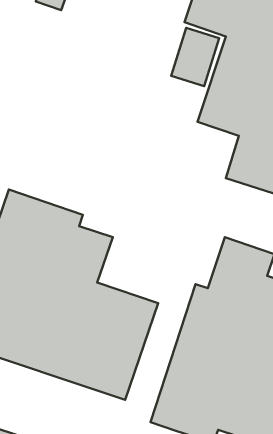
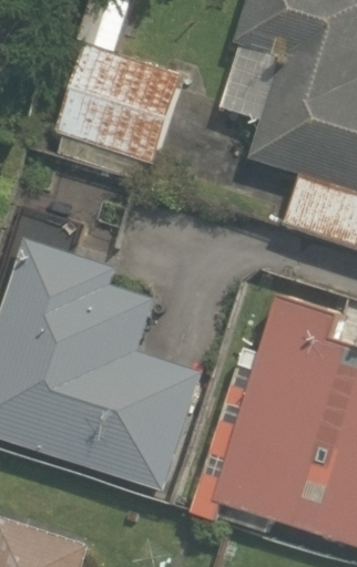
building: none -> [57,43,183,166]

